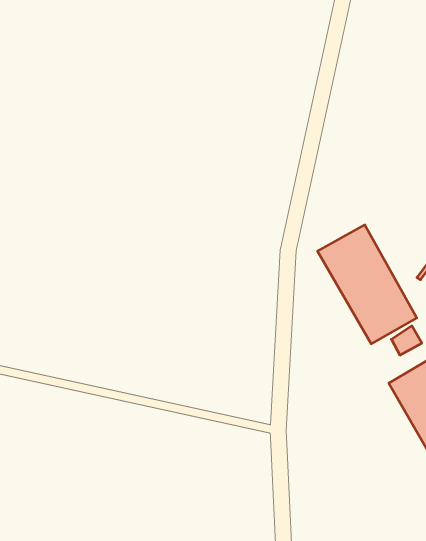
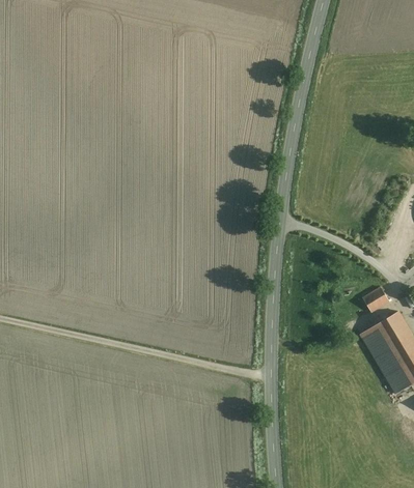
building: [318,225,417,344] -> none

